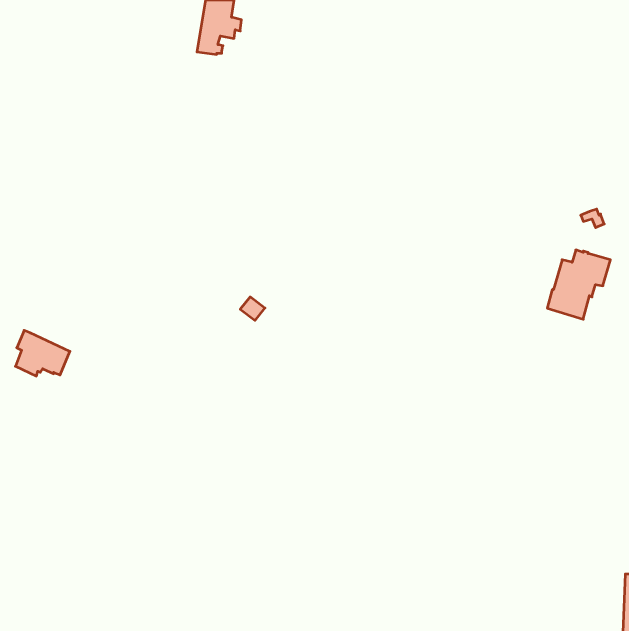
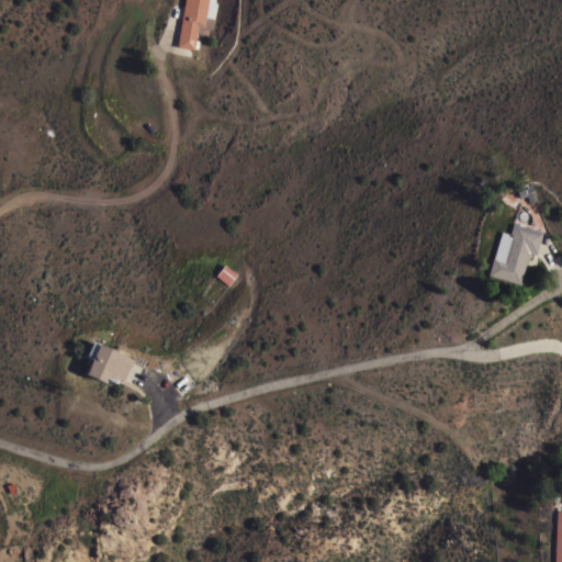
building: [15,330,70,376] -> [85,341,133,382]

